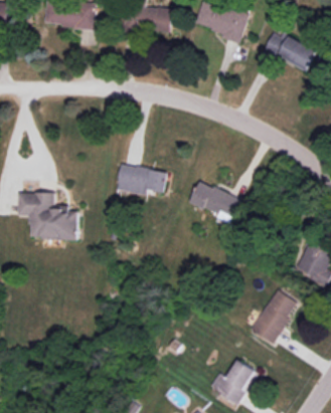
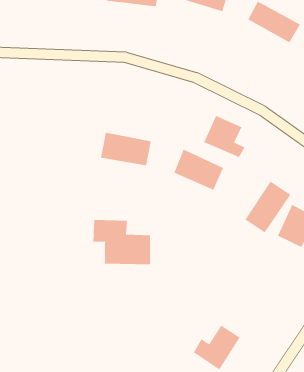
building: none -> [203,115,245,158]
building: [17,192,76,238] -> [92,219,151,265]
building: [250,289,297,343] -> [245,181,291,233]

